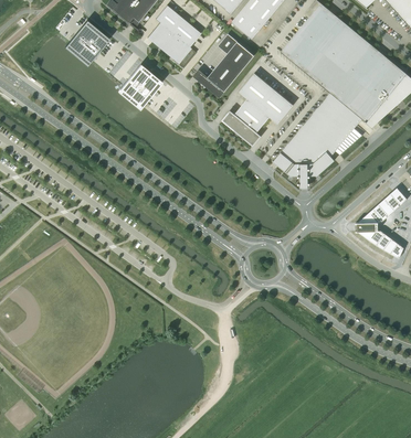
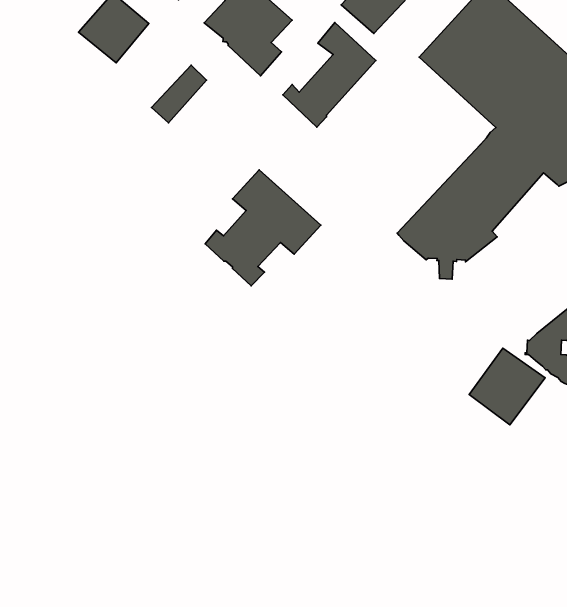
building: [128,73,162,109] -> none
building: [223,73,294,145] -> [205,170,321,286]
building: none -> [469,348,545,425]

